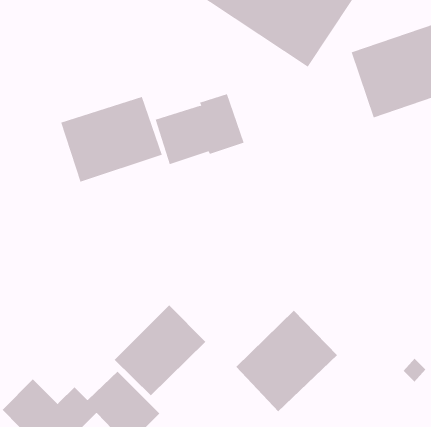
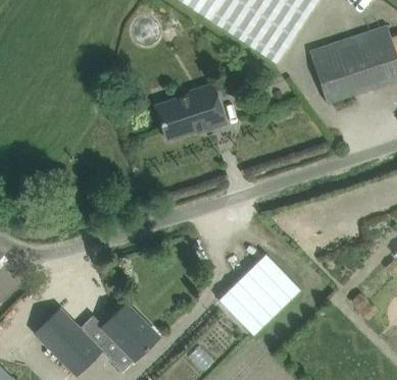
building: [61,96,162,183] -> none
building: [114,304,206,396] -> none

